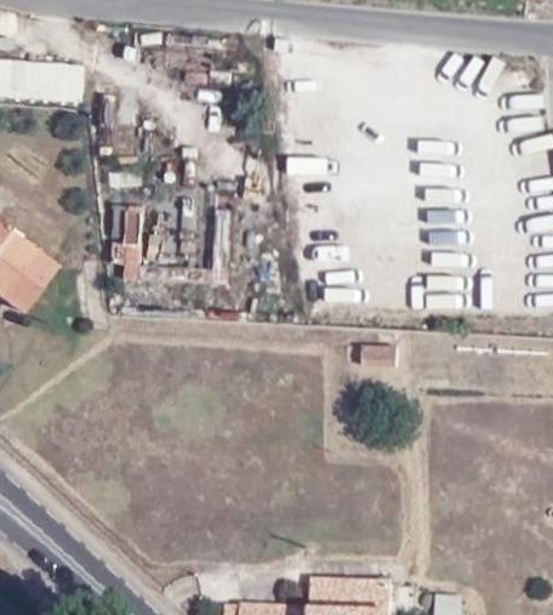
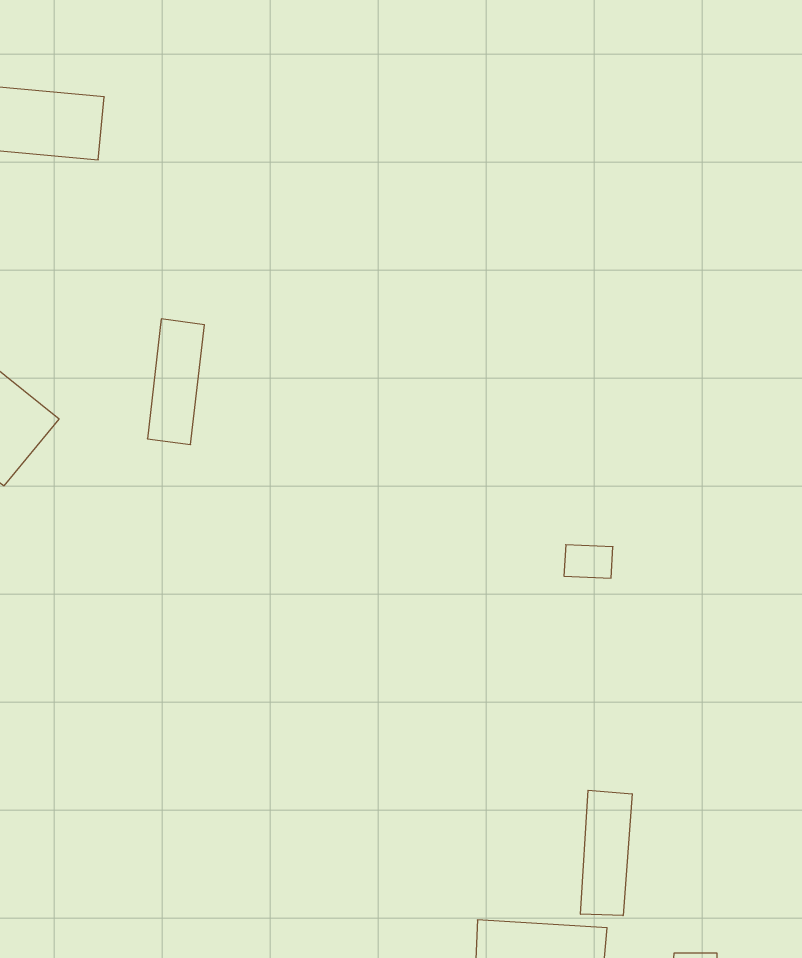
building: none -> [581,790,632,916]

